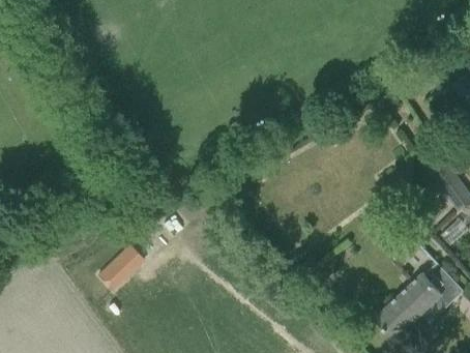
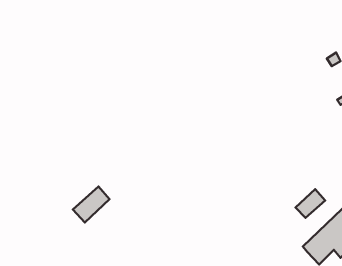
building: none -> [296,189,325,218]

